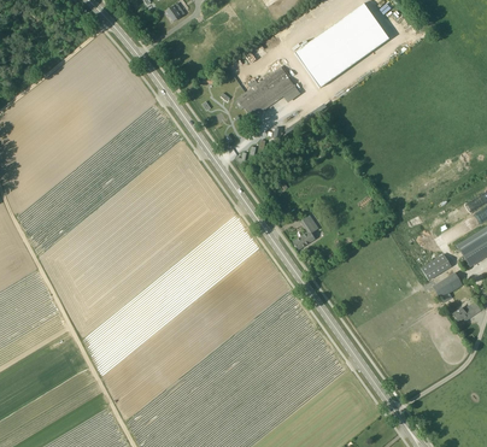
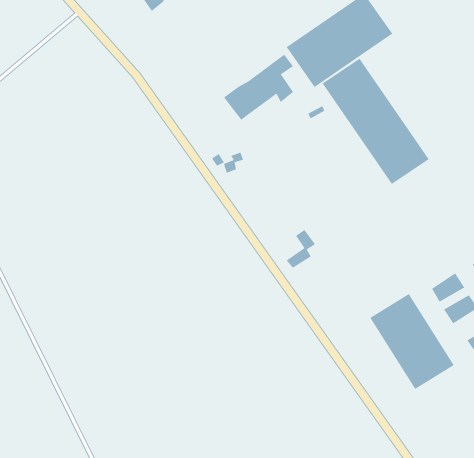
building: none -> [322,58,430,185]
building: none -> [370,293,454,390]

